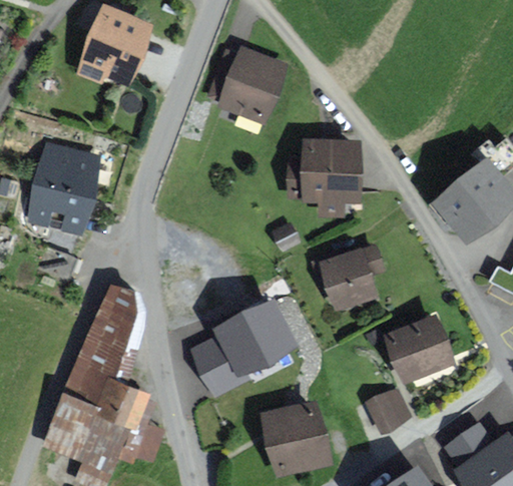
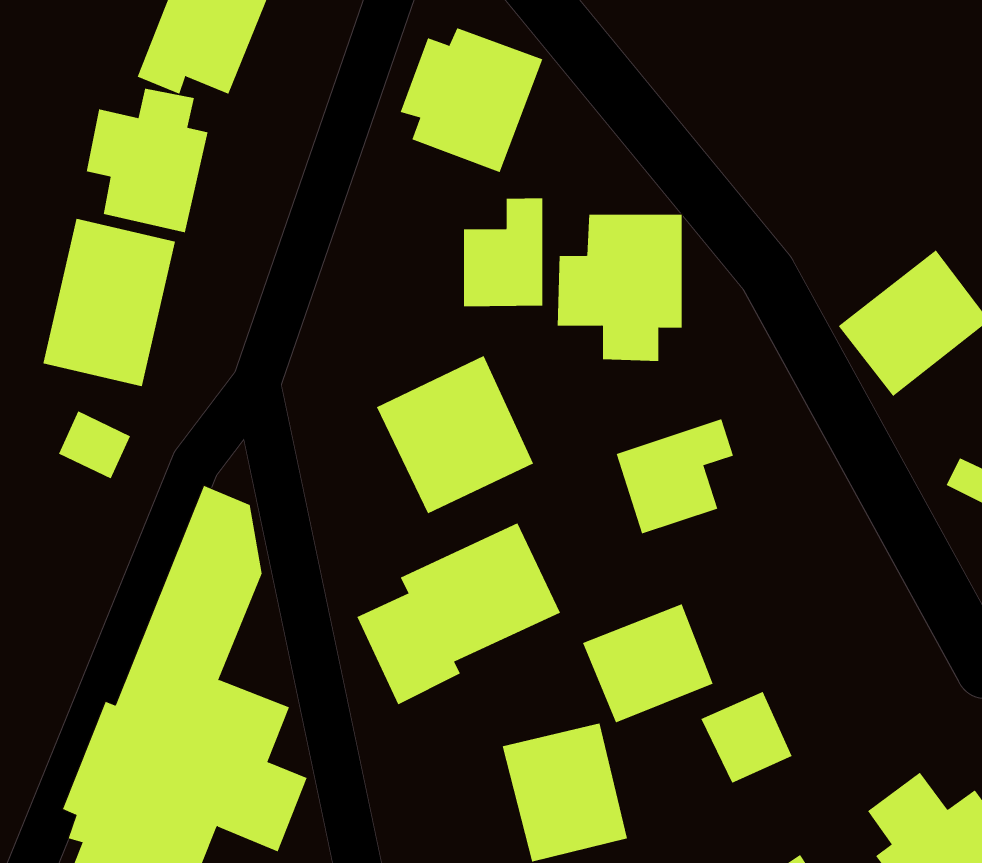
building: none -> [86,88,208,233]
building: none -> [463,198,543,307]
building: none -> [376,355,534,514]
building: [384,318,451,379] -> [582,603,714,723]

